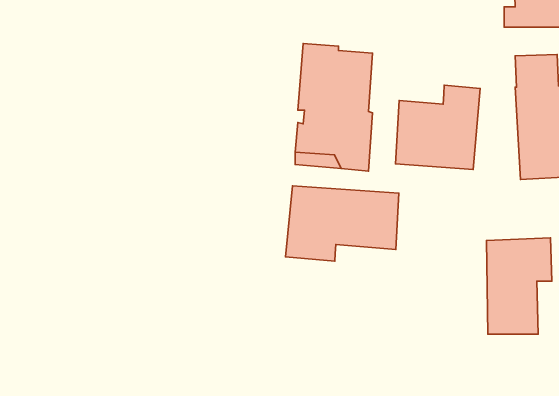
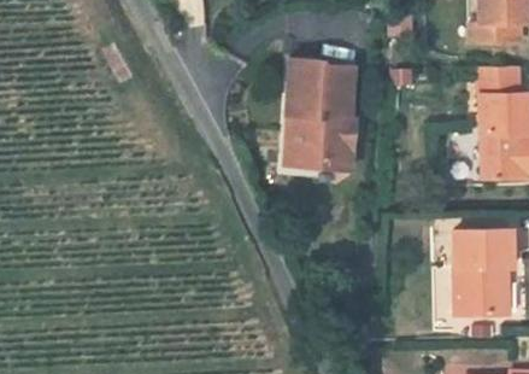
building: [395,85,480,169] -> none
building: [286,186,399,261] -> none

